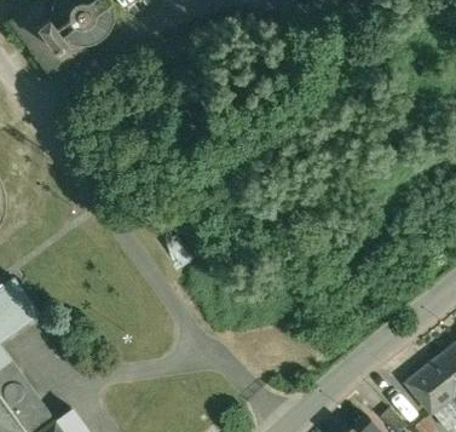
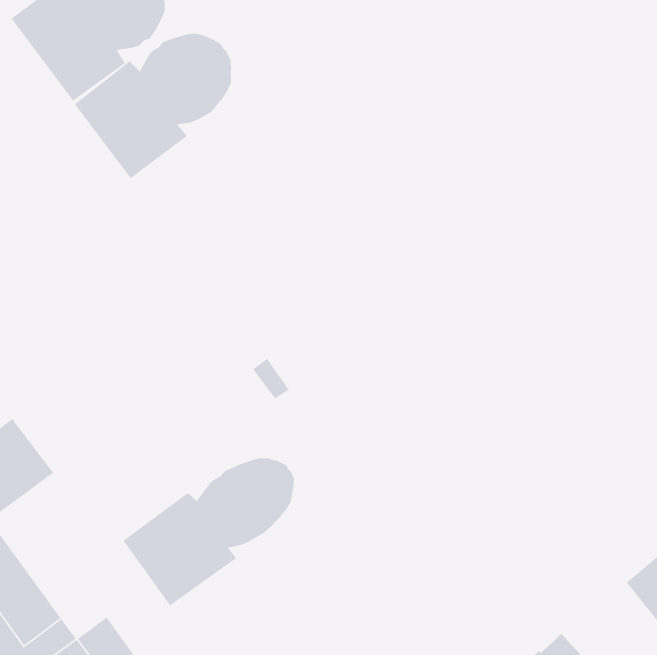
building: none -> [74,33,232,179]
building: none -> [122,457,295,607]

